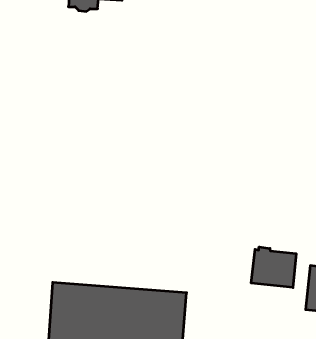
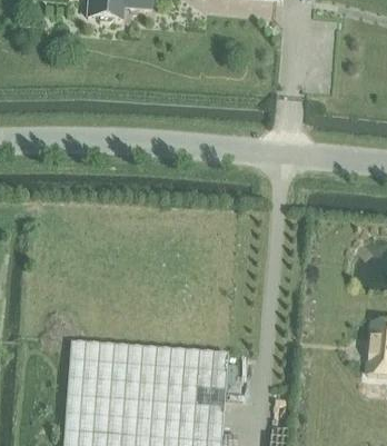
building: [251,247,296,288] -> none

